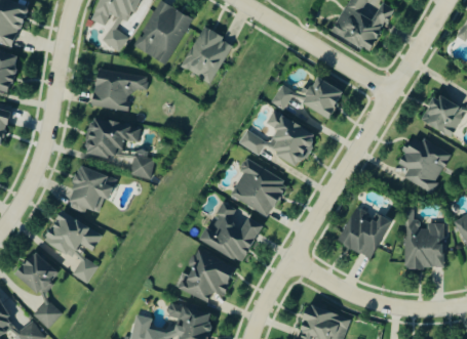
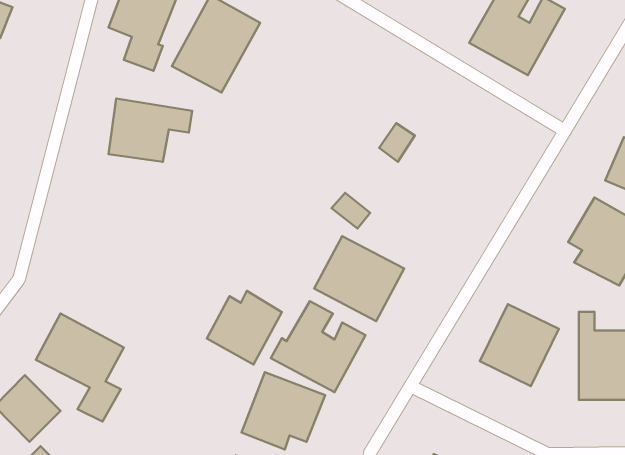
building: [180,27,232,84] -> none
building: [301,77,343,119] -> none
building: [266,112,316,167] -> none
building: [85,117,141,159] -> none
building: [129,150,155,179] -> none
building: [67,163,113,210] -> none
building: none -> [207,291,282,365]

